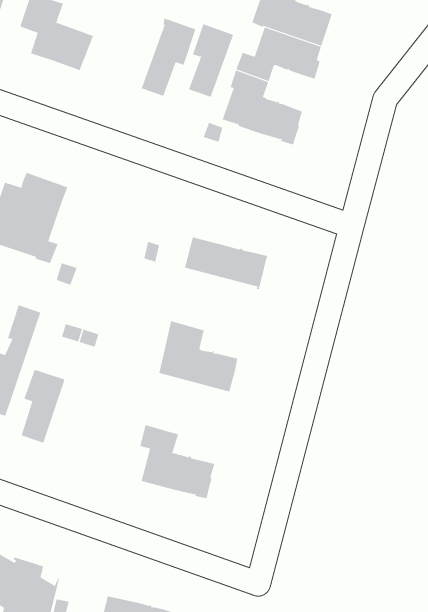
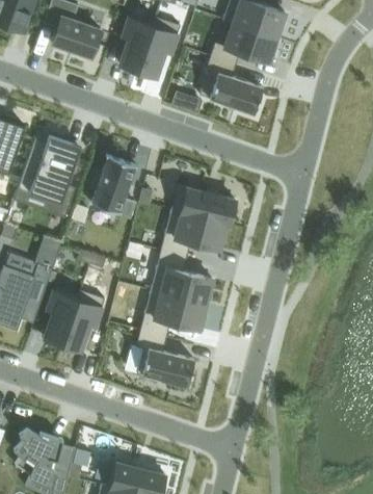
building: [188,23,234,98] -> [119,15,155,72]
building: none -> [90,156,136,219]
building: none -> [160,210,227,258]
building: none -> [62,291,104,352]
building: none -> [140,291,206,338]

